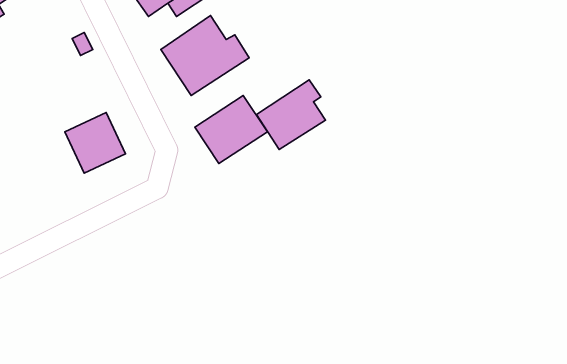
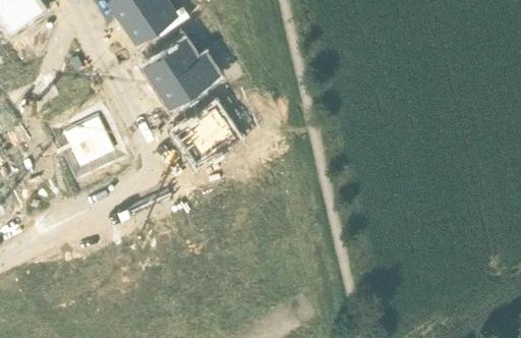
building: [256,80,326,150] -> none

